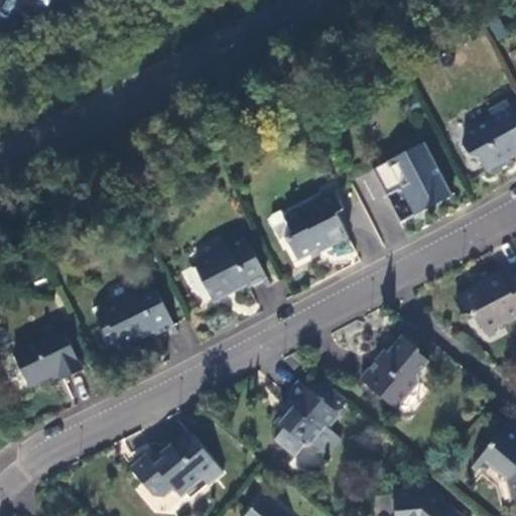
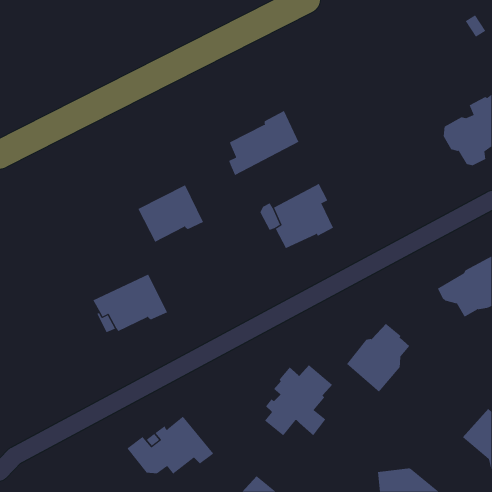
building: none -> [229,110,299,176]
building: [373,144,452,213] -> none
building: [197,240,266,300] -> [137,185,204,242]
building: [15,330,83,387] -> none

